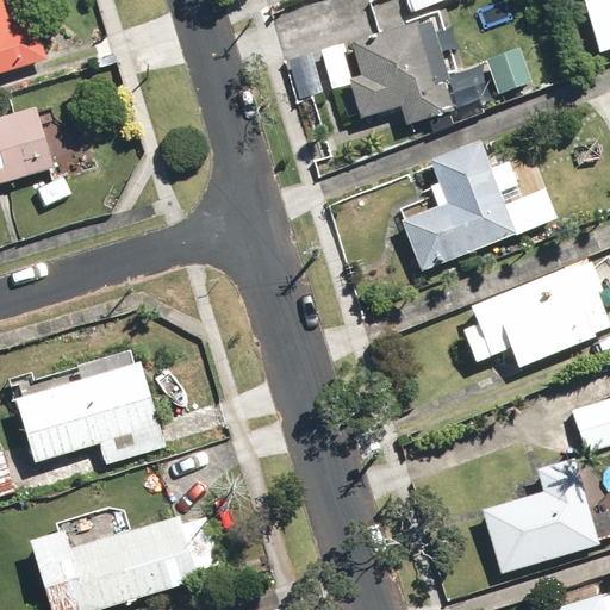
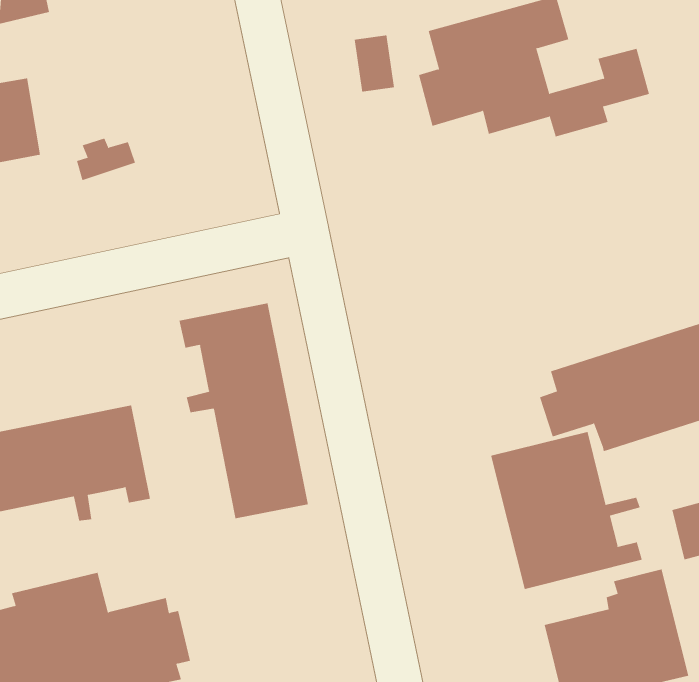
building: [403,137,548,273] -> none
building: none -> [179,303,309,519]
building: none -> [491,431,642,590]

